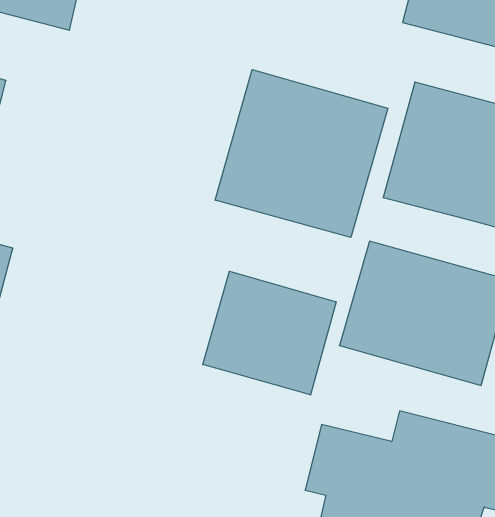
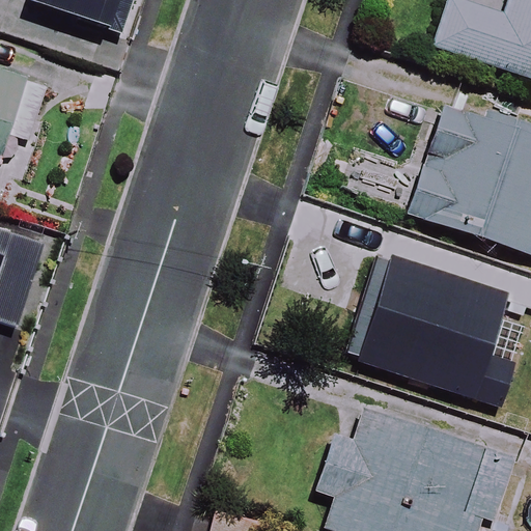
building: [215,70,388,237] -> none
building: [203,271,336,395] -> none

